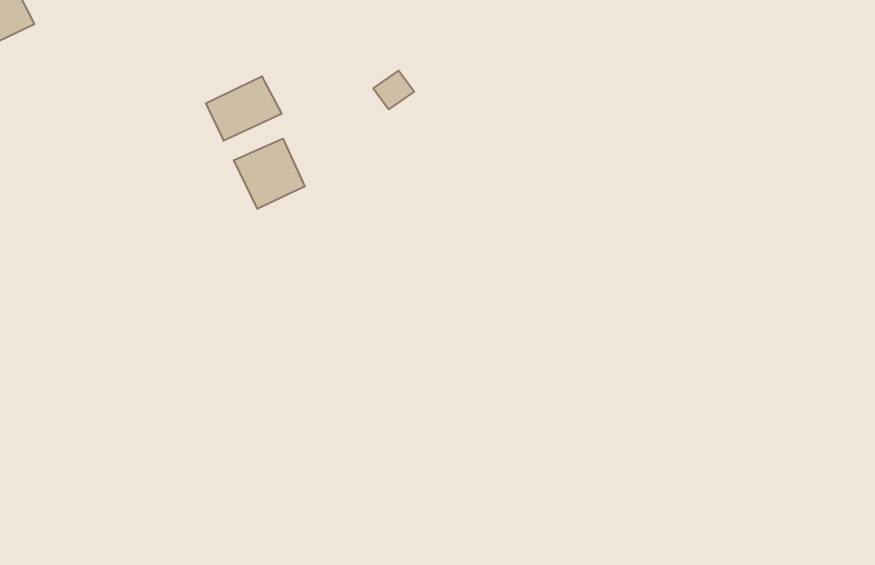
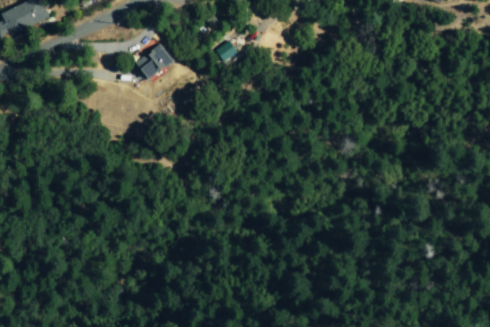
building: [234,139,305,209] -> none

